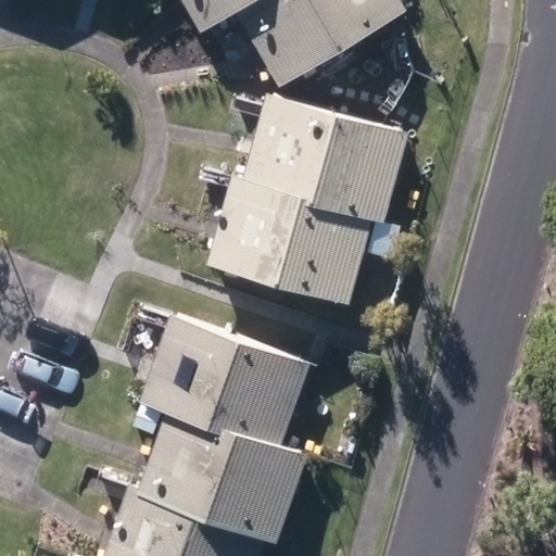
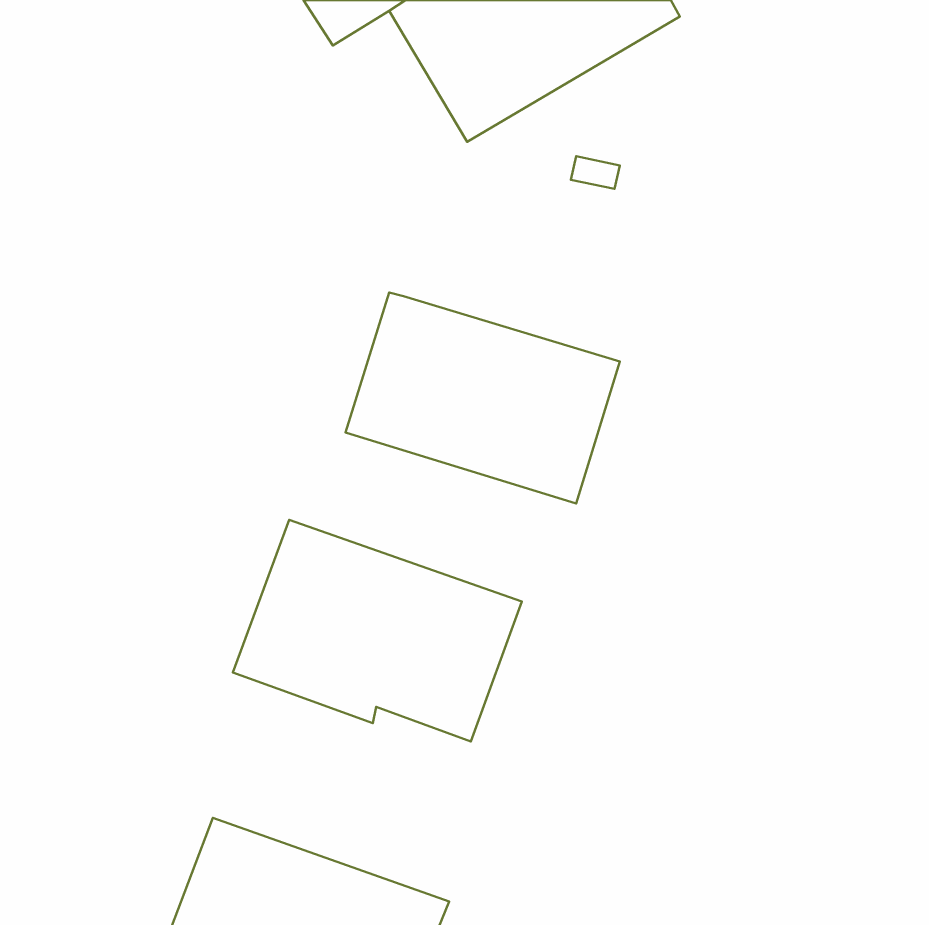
building: [241,92,410,224] -> none
building: [127,414,308,543] -> none

